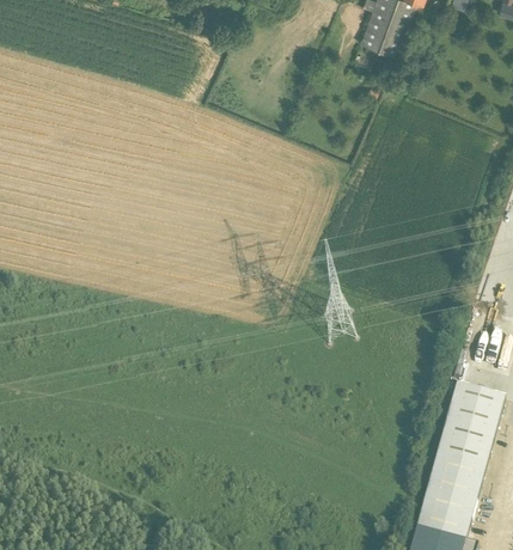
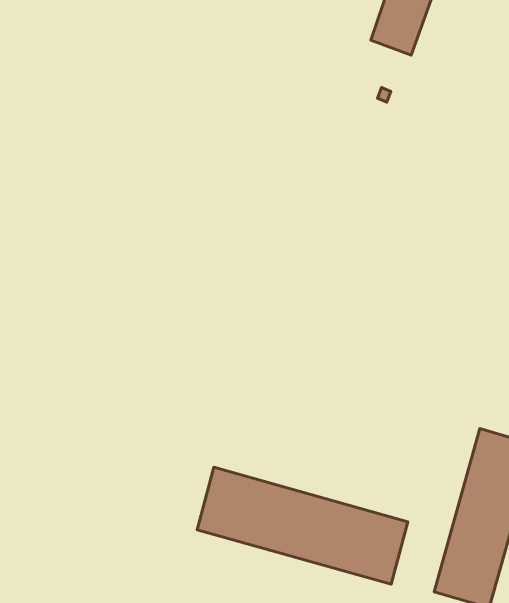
building: none -> [197,467,408,584]

